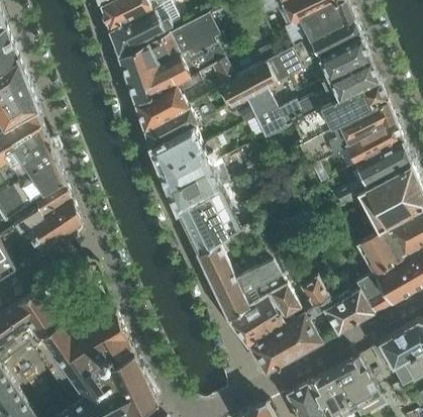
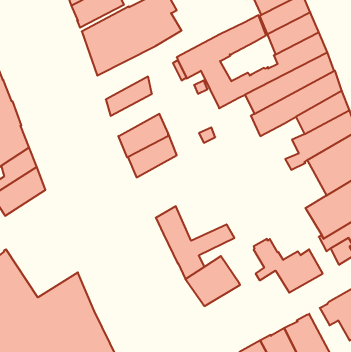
building: [136,75,203,131] -> none
building: [150,125,202,170] -> none
building: [178,190,241,255] -> none
building: [355,276,391,314] -> none
building: [249,286,321,375] -> none

